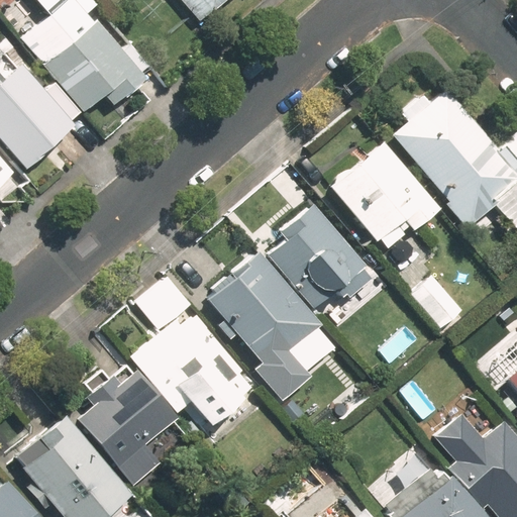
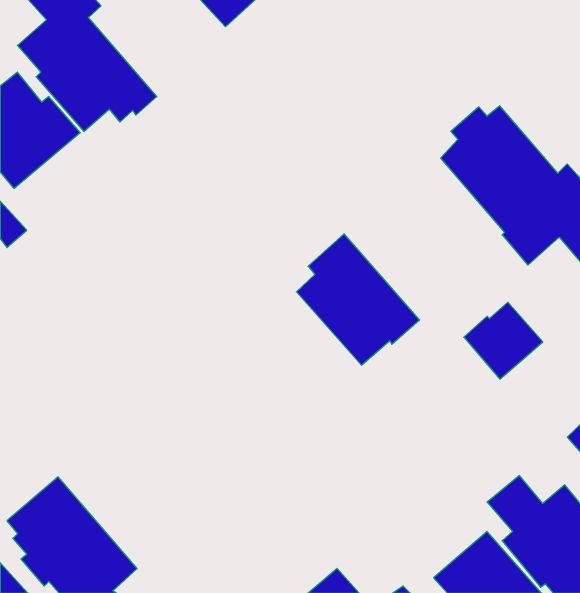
building: [331,140,440,241] -> none
building: [206,252,321,401] -> none
building: [132,276,254,426] -> none
building: [81,371,179,485] -> none

